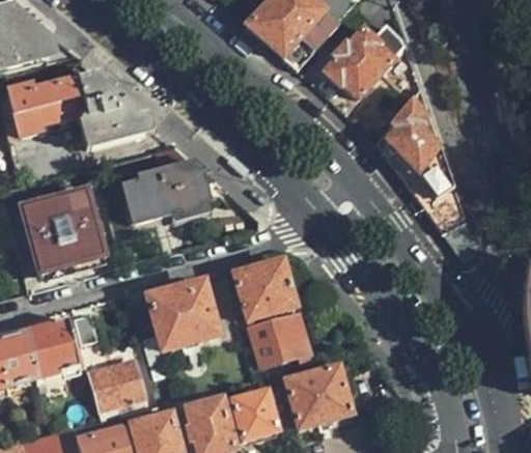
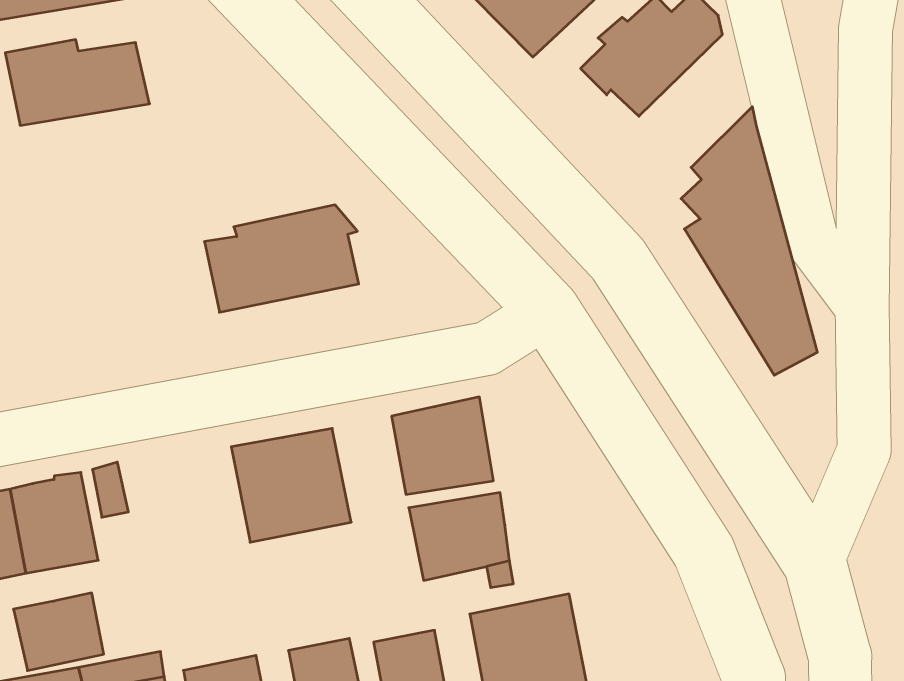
building: [77,73,153,147] -> none
building: [23,191,106,273] -> none
building: [90,360,142,405] -> [13,593,104,671]

